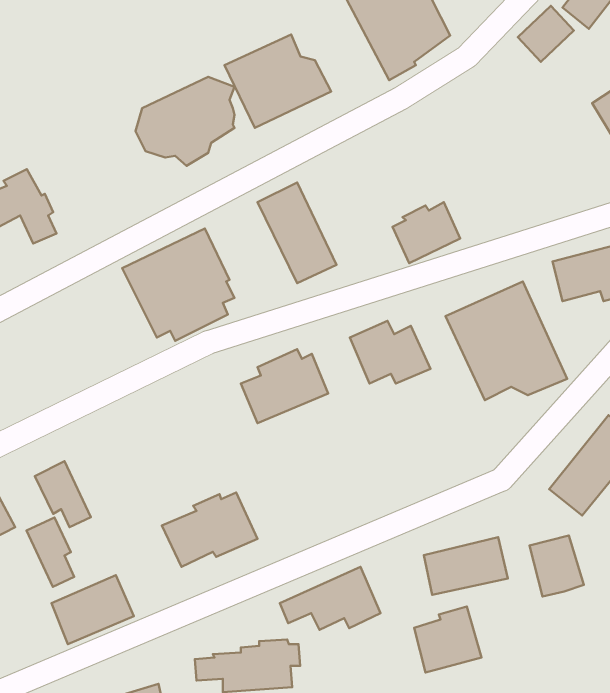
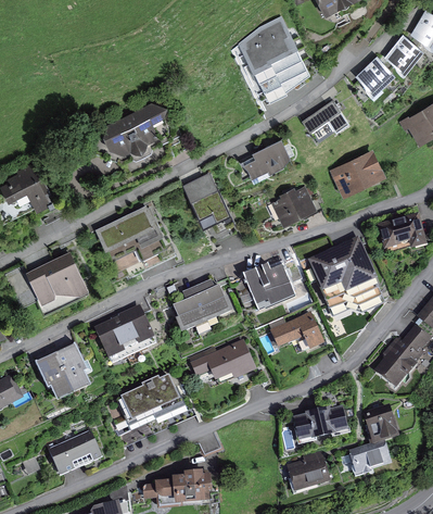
building: [224,34,331,128] -> none
building: none -> [302,98,351,133]
building: none -> [244,138,293,177]
building: none -> [330,148,385,196]
building: none -> [25,250,90,313]
building: none -> [92,306,152,360]
building: none -> [269,310,324,349]
building: [26,517,74,587] -> [56,346,88,391]
building: [280,567,380,630] -> [190,338,256,379]
building: none -> [349,440,392,475]

